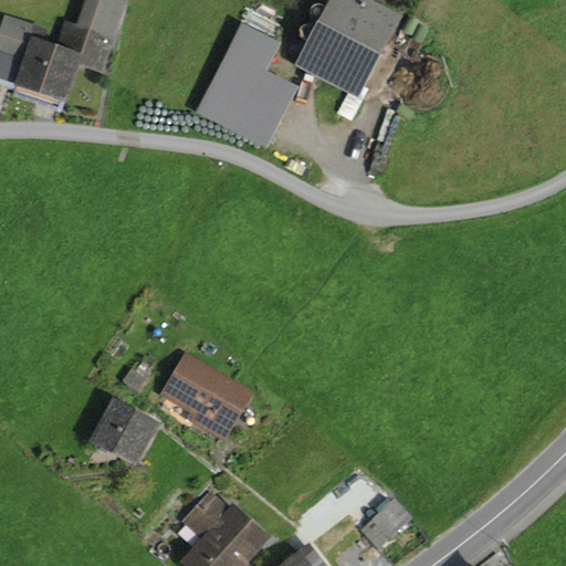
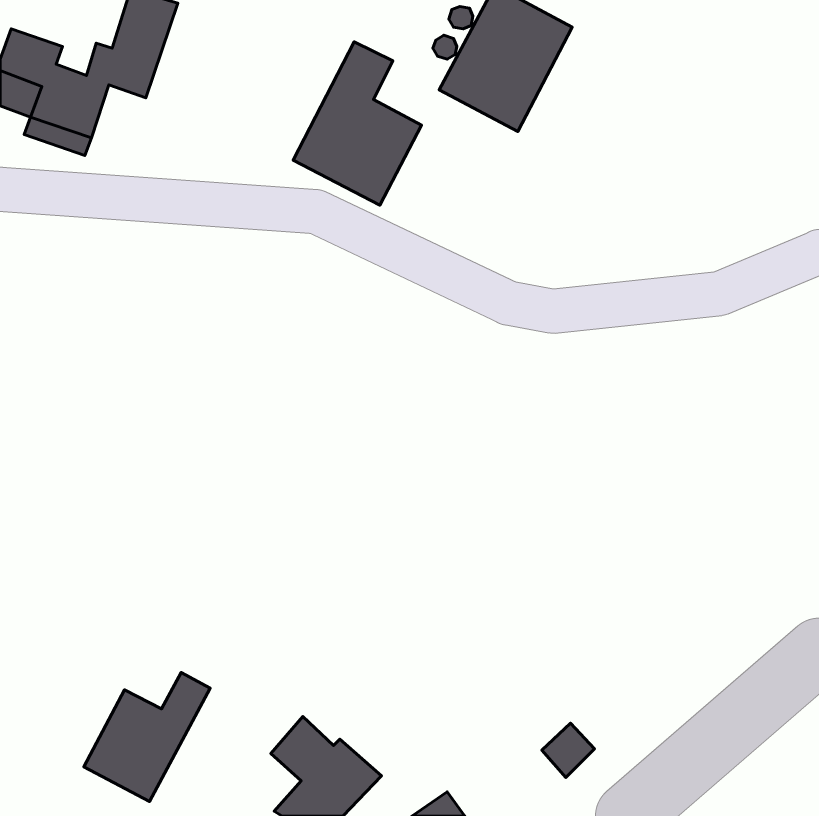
building: [168,360,245,433] -> none
building: [101,405,150,455] -> none
building: none -> [84,672,210,802]

